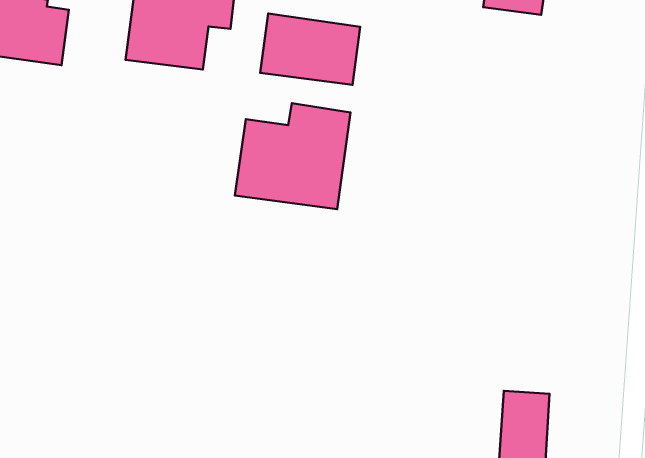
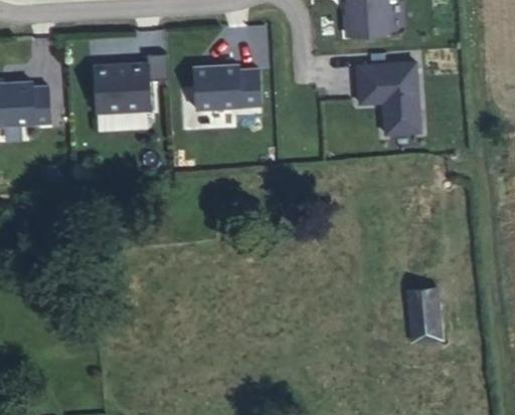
building: none -> [356,61,420,134]
building: [235,103,350,209] -> none

